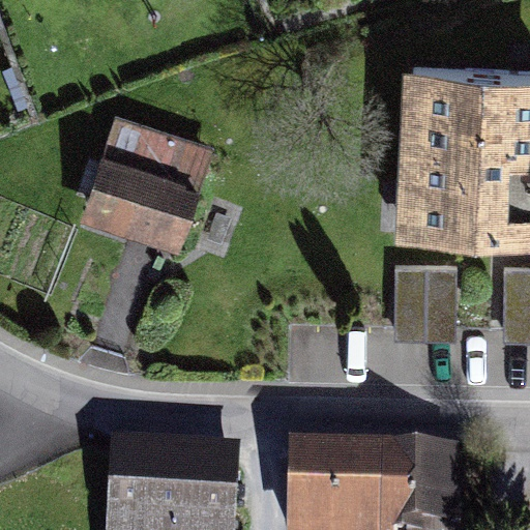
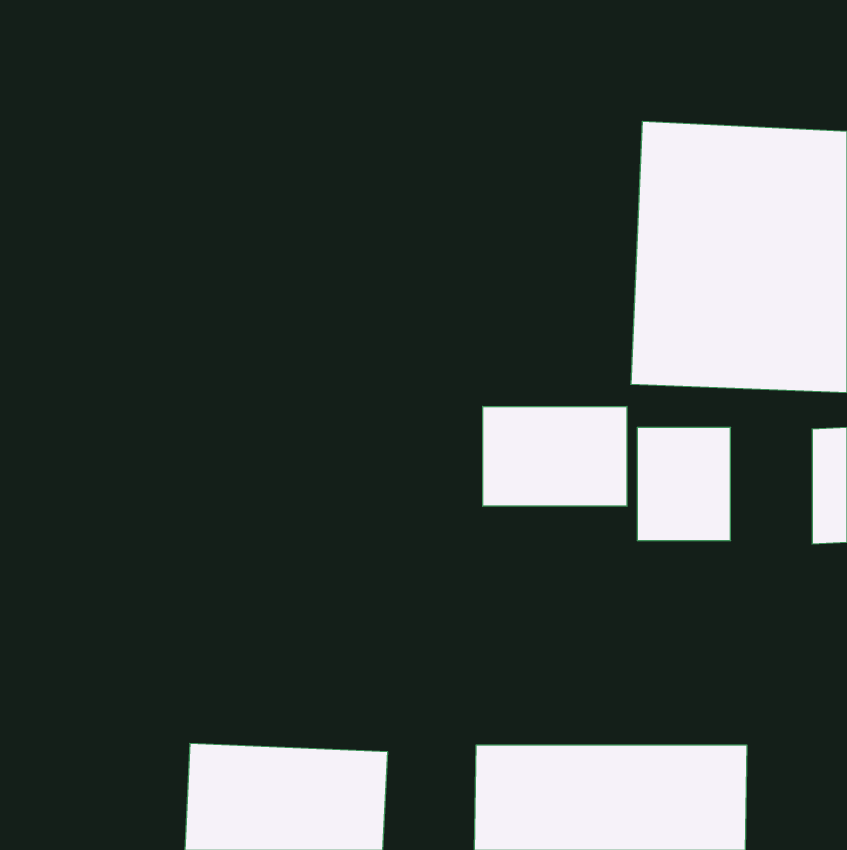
building: [79,138,216,267] -> none
building: none -> [483,406,627,506]

